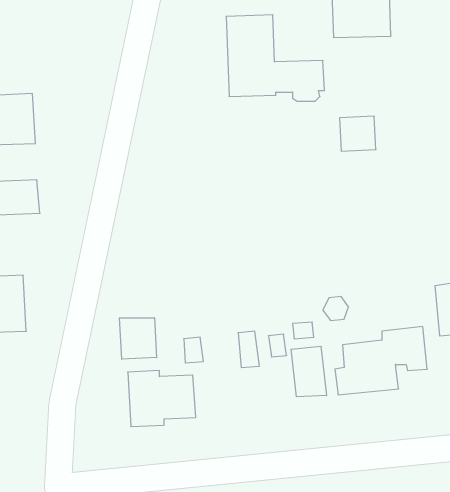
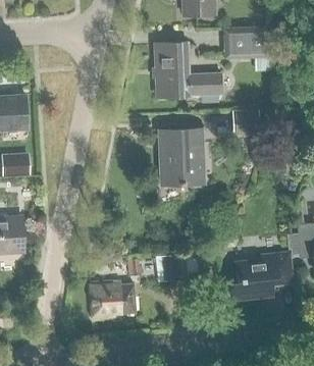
building: none -> [159,129,203,185]
building: [119,318,157,359] -> none
building: [291,346,326,397] -> none

